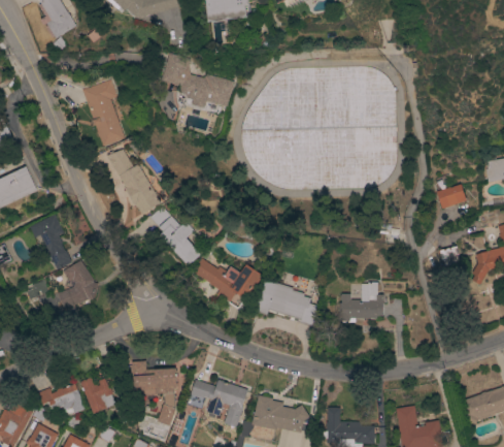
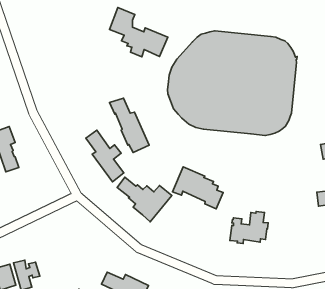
building: [82,81,125,148] -> none
building: [106,150,161,215] -> [109,98,149,153]
building: [58,261,98,310] -> none
building: [257,281,318,327] -> [173,167,223,209]
building: [131,360,177,393] -> none

